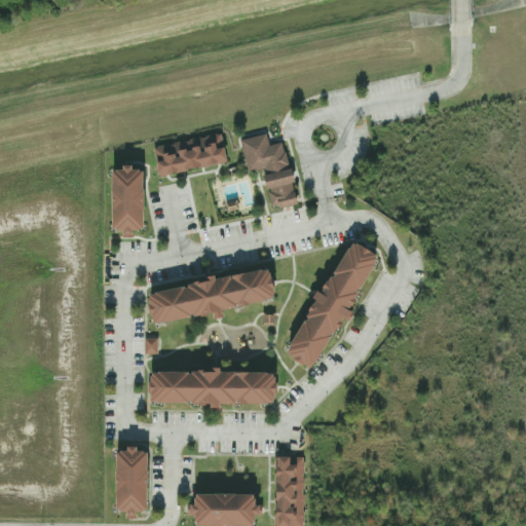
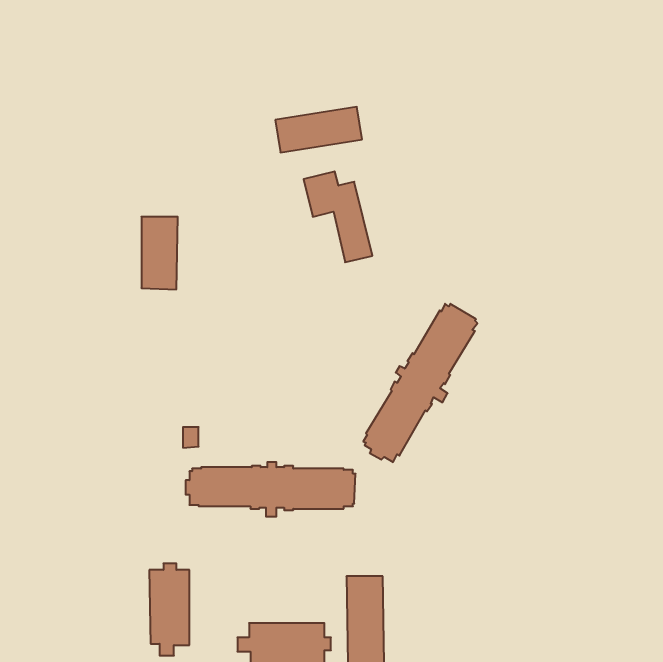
building: [154,139,223,175] -> [275,107,362,152]
building: [147,267,280,323] -> none

